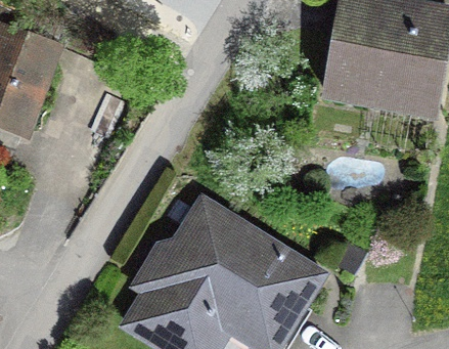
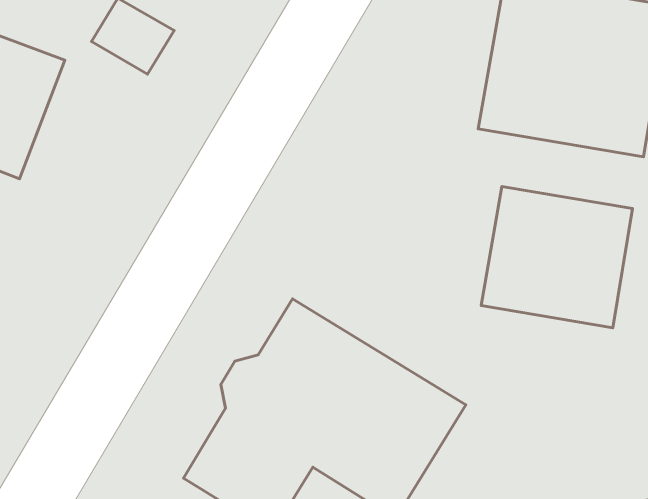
building: none -> [481,187,633,328]

